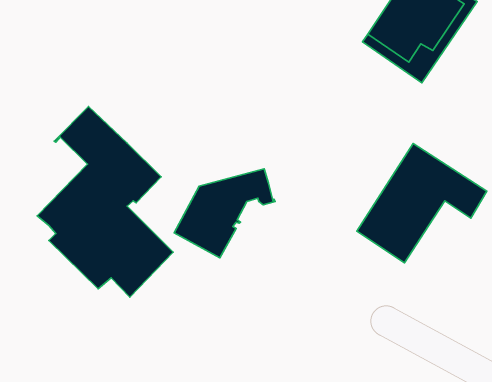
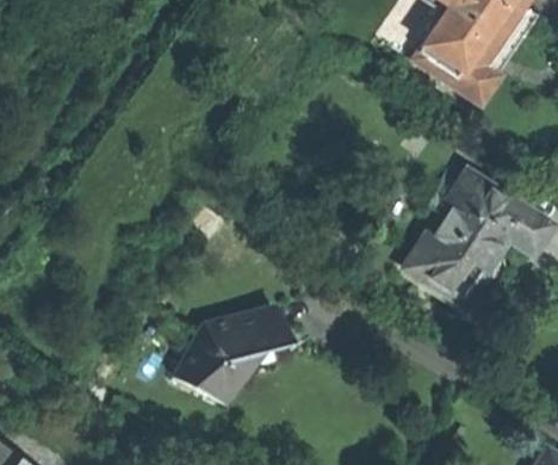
building: [37,106,173,297] -> none
building: [174,169,275,258] -> [176,305,287,403]

